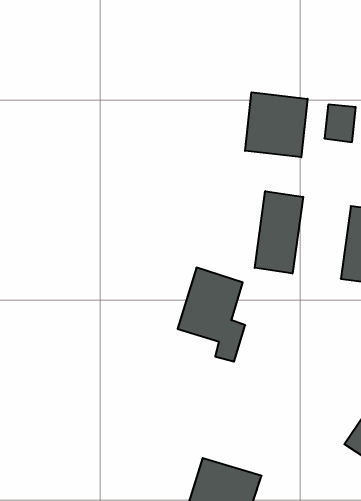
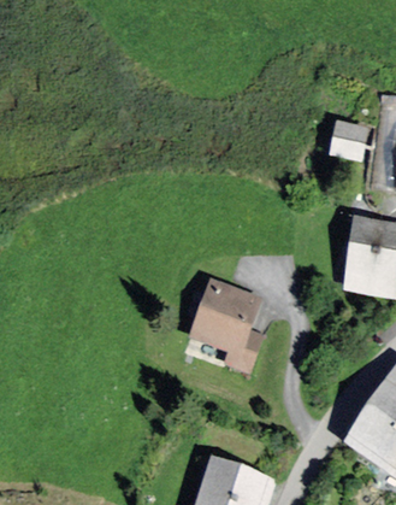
building: [245,92,308,157] -> none
building: [255,191,303,274] -> none

